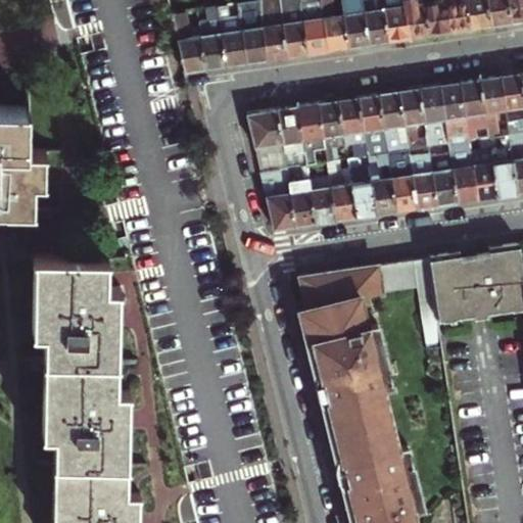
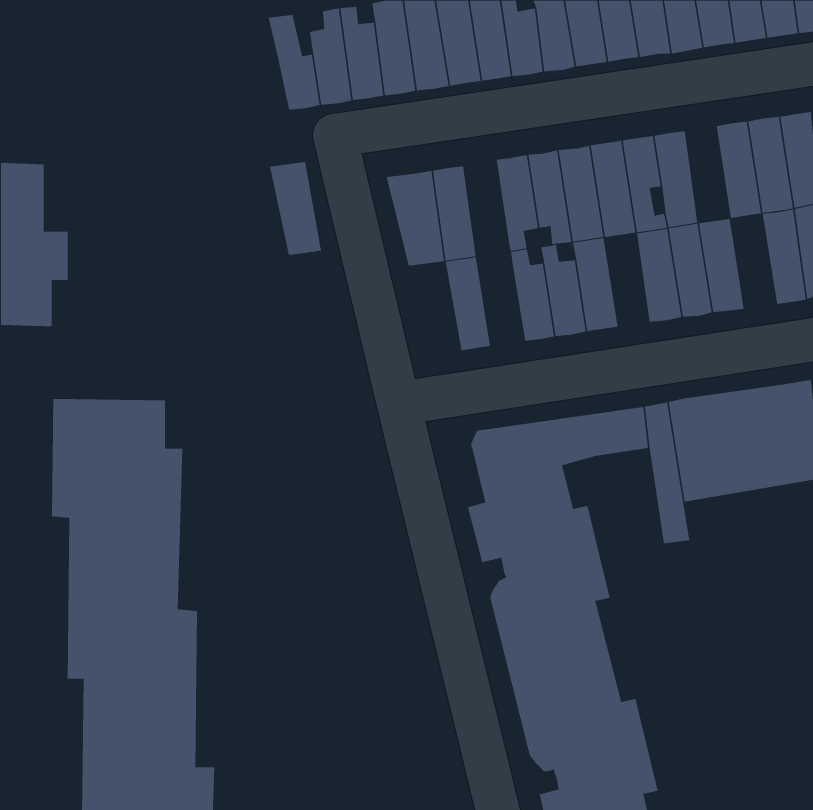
building: [440,84,469,146] -> none
building: [298,105,327,168] -> none
building: [471,140,498,201] -> none
building: [388,152,417,212] -> none
building: [263,171,296,231] -> [269,162,322,256]
building: [308,178,337,225] -> none

